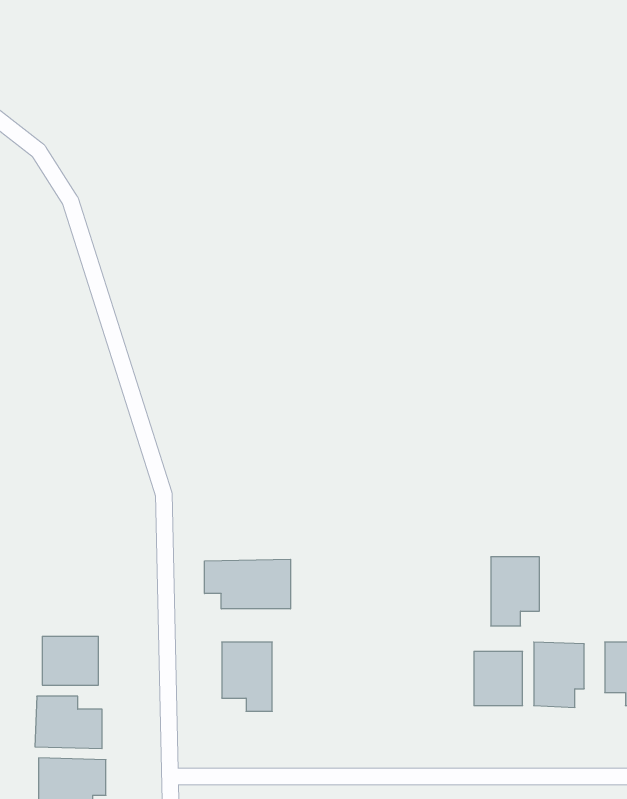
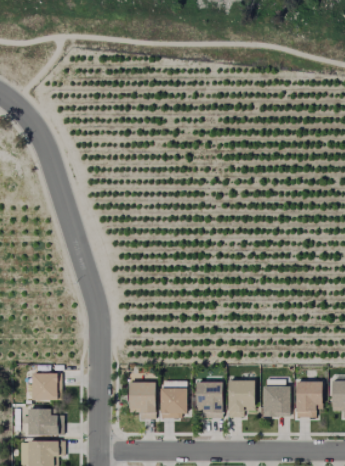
building: [491,557,539,626] -> [227,378,253,415]
building: [205,559,290,609] -> none
building: none -> [194,380,220,415]
building: none -> [159,386,186,416]

